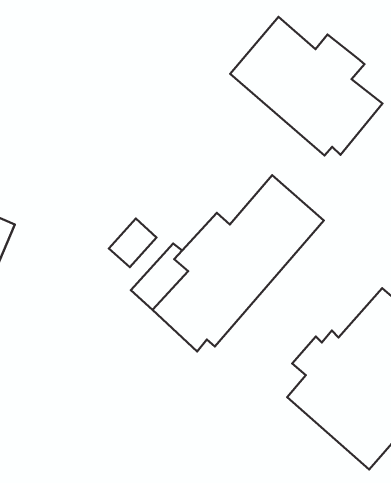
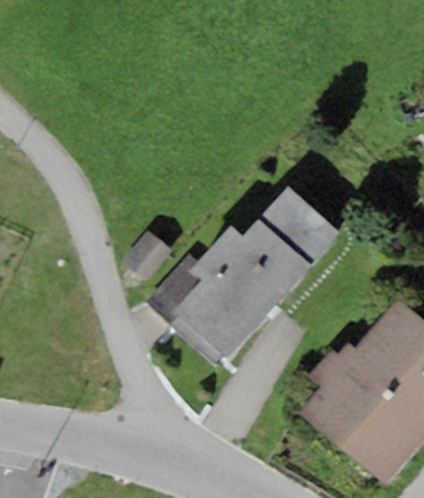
building: [230,17,383,156] -> none

